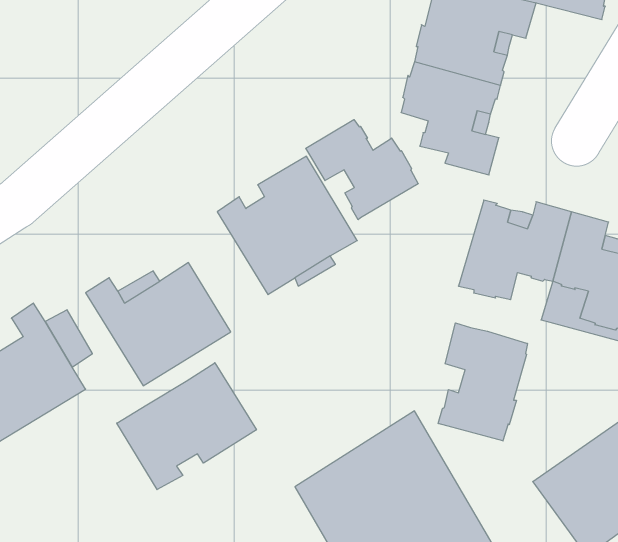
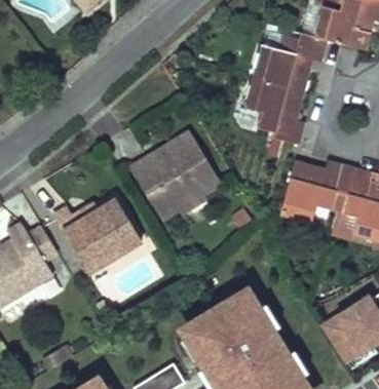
building: [306,120,418,220] -> none
building: [438,323,527,441] -> none
building: [117,363,256,490] -> none

